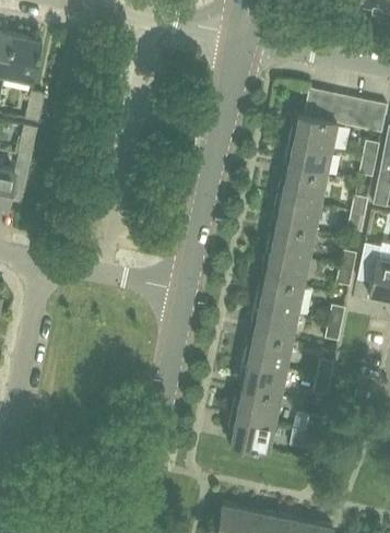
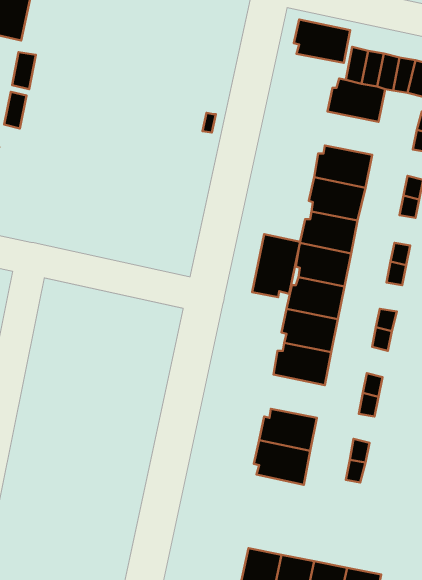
building: [284,143,331,179] -> [294,20,350,63]
building: none -> [252,234,300,297]
building: [239,362,286,398] -> none

